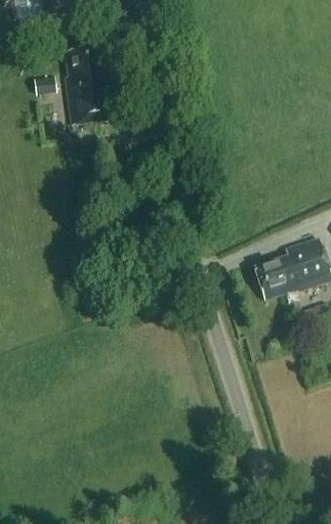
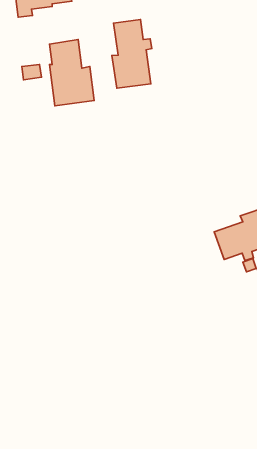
building: none -> [112,20,152,88]

